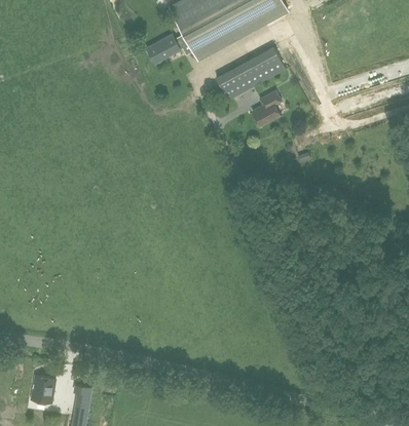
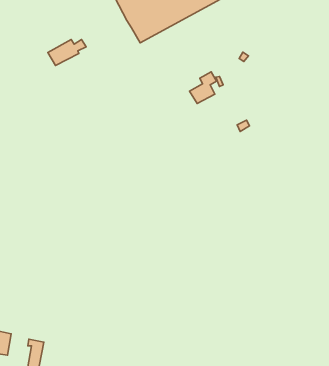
building: [146,34,188,63] -> [48,39,86,66]
building: [217,48,286,100] -> none

